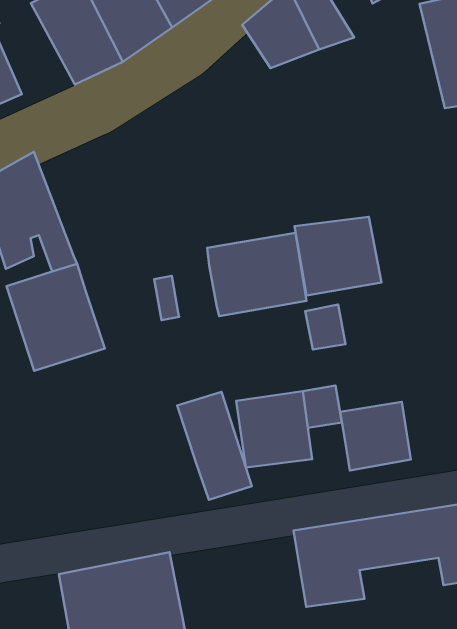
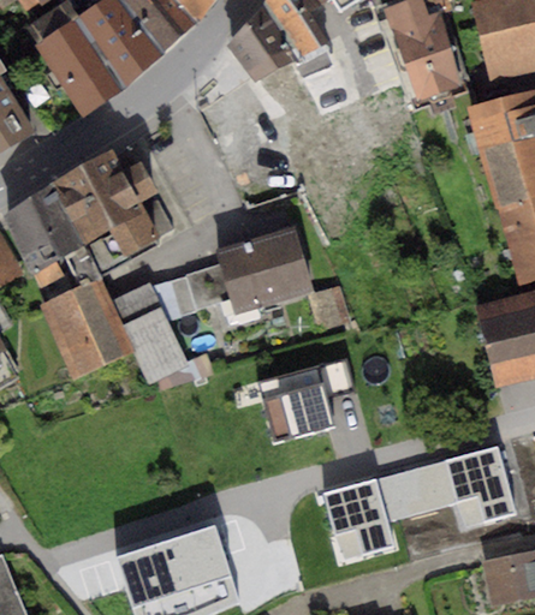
building: none -> [50,148,173,270]
building: [294,217,381,295] -> none
building: none -> [186,264,231,310]
building: [177,392,252,500] -> [112,283,188,382]
building: [340,402,411,470] -> none

